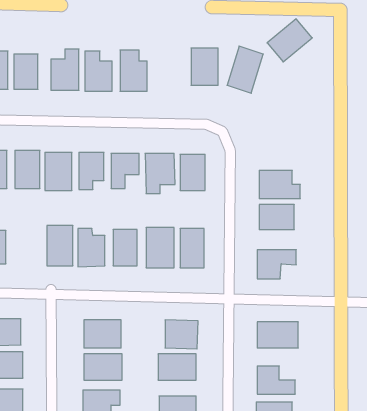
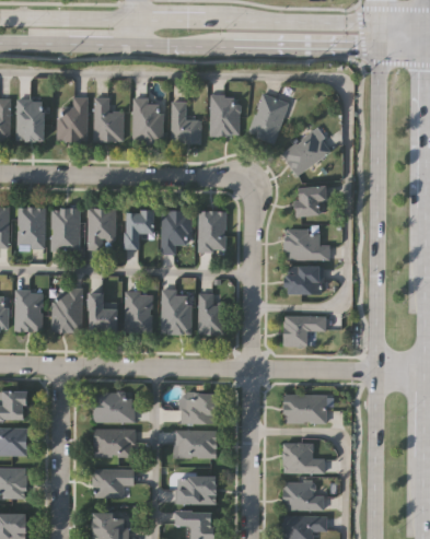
building: [267,19,312,62] -> [281,129,330,176]
building: none -> [171,101,200,143]
building: none -> [293,185,326,215]
building: none -> [14,290,43,331]

